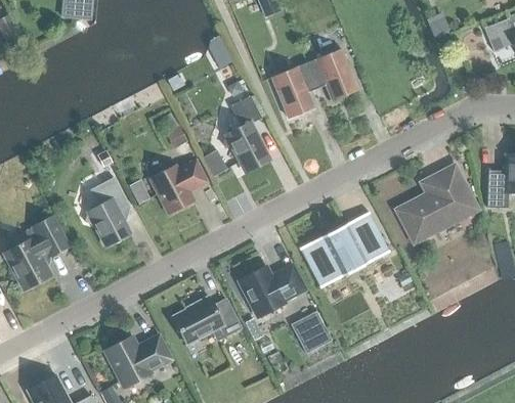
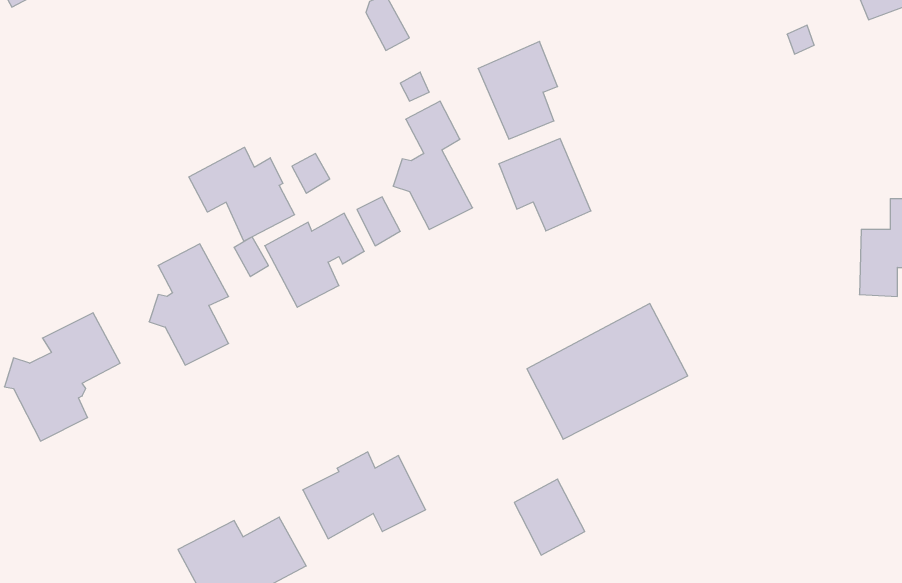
building: [306,48,358,100] -> [499,139,591,231]
building: none -> [189,147,295,241]
building: [398,167,475,240] -> none
building: [240,265,305,317] -> none

